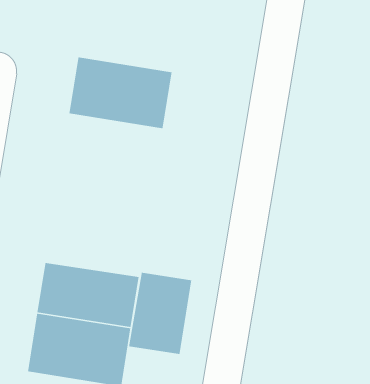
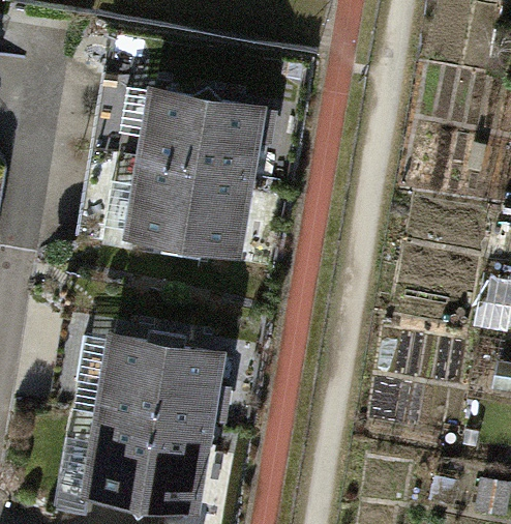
building: none -> [124,164,250,248]
building: [128,272,192,355] -> none

